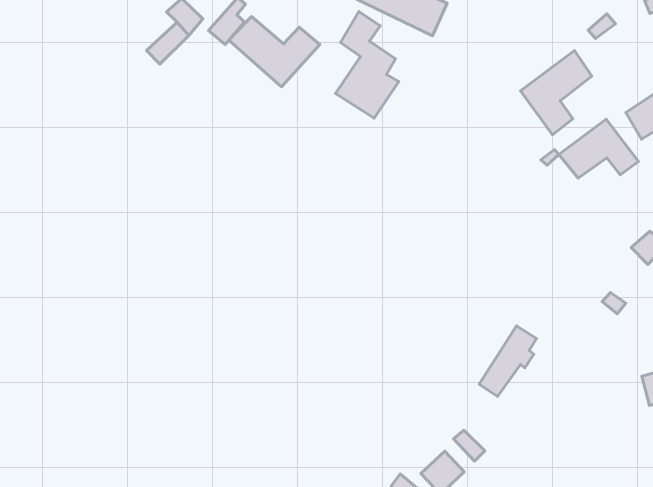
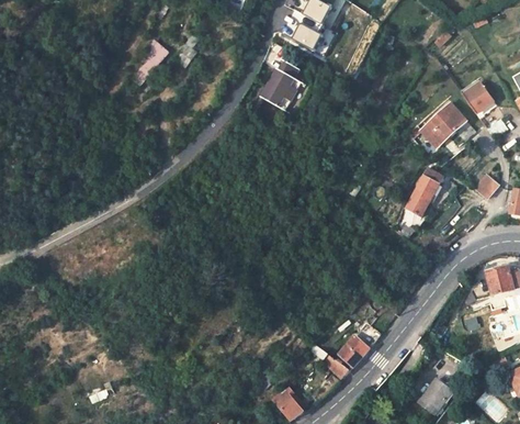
building: [229,17,320,87] -> none
building: [521,51,592,135] -> none
building: [479,326,537,397] -> [403,168,440,217]

